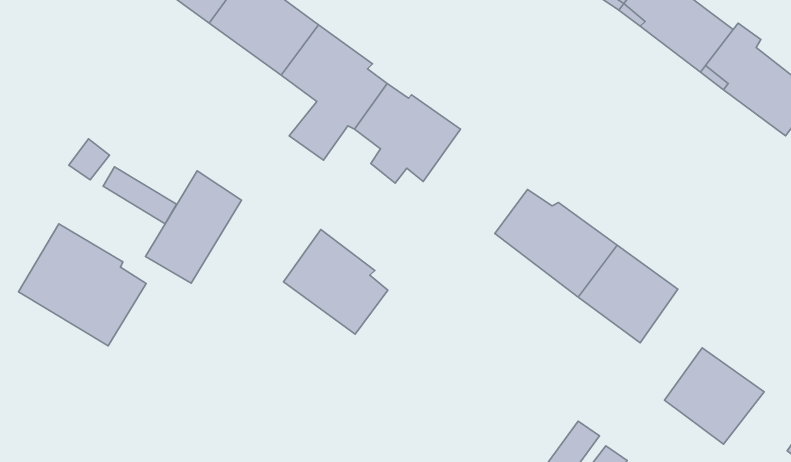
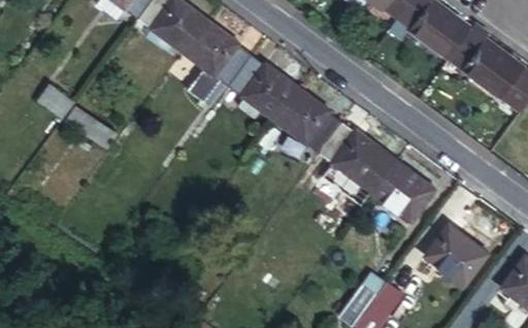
building: [145,171,242,283] -> none
building: [19,224,146,346] -> none
building: [283,230,388,334] -> [272,87,338,153]

